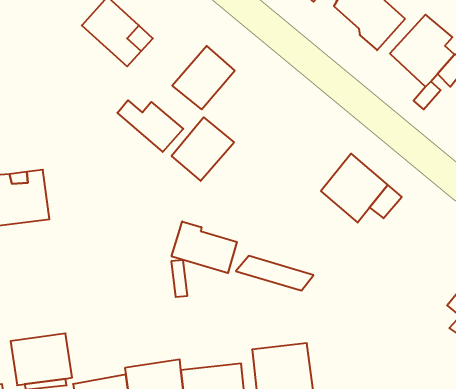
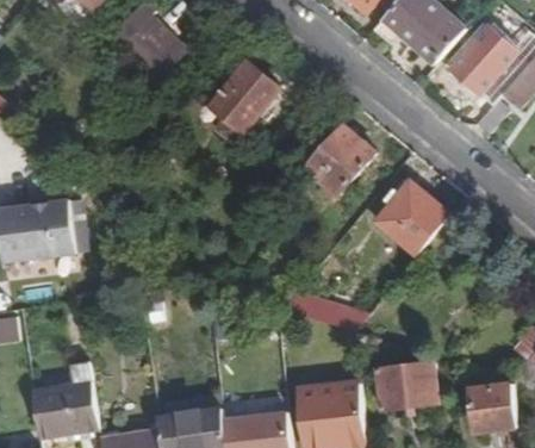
building: [117,100,183,152] -> none
building: [172,117,234,181] -> [304,124,373,194]
building: [172,221,237,273] -> none
building: none -> [377,361,437,407]
building: none -> [468,384,516,430]

